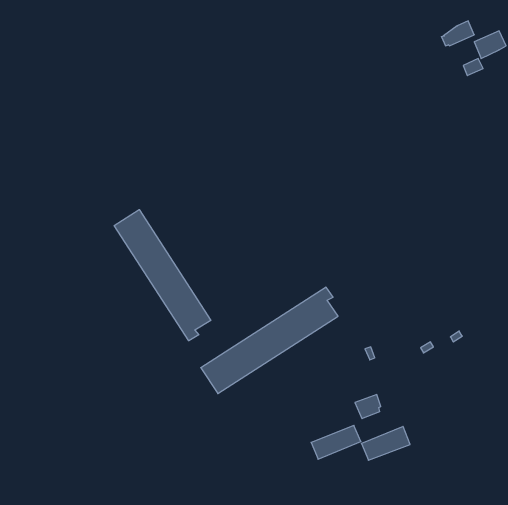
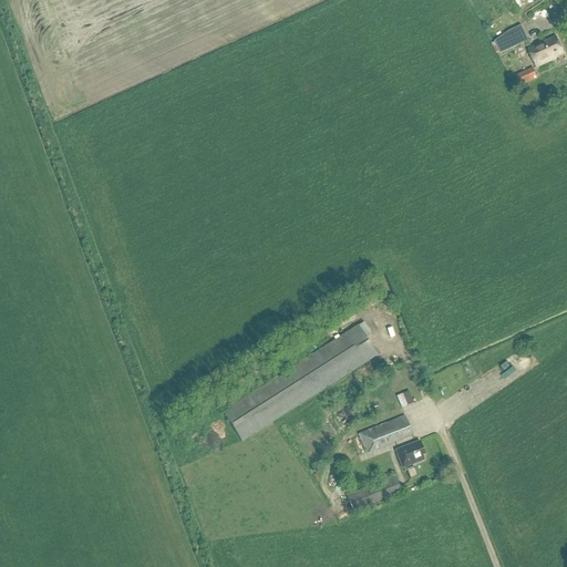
building: [114,210,211,341] -> none
building: [361,426,410,460] -> [358,413,412,451]

